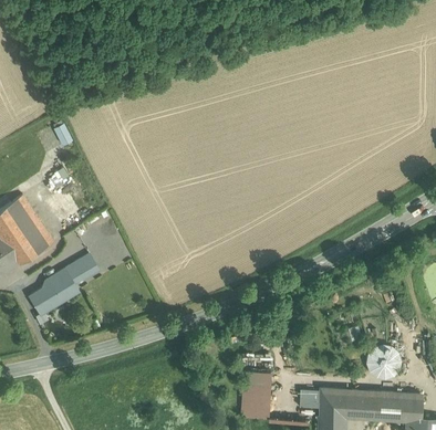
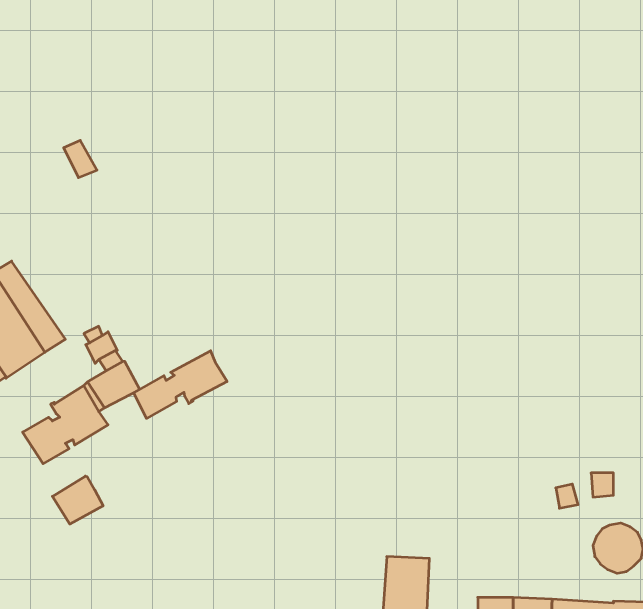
building: none -> [134,351,227,418]
building: none -> [52,476,103,524]

